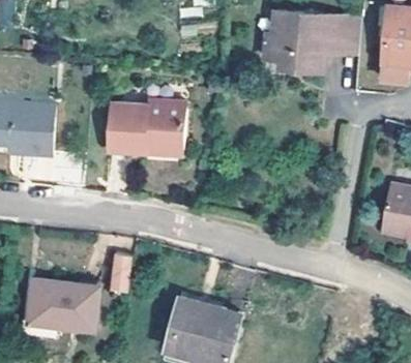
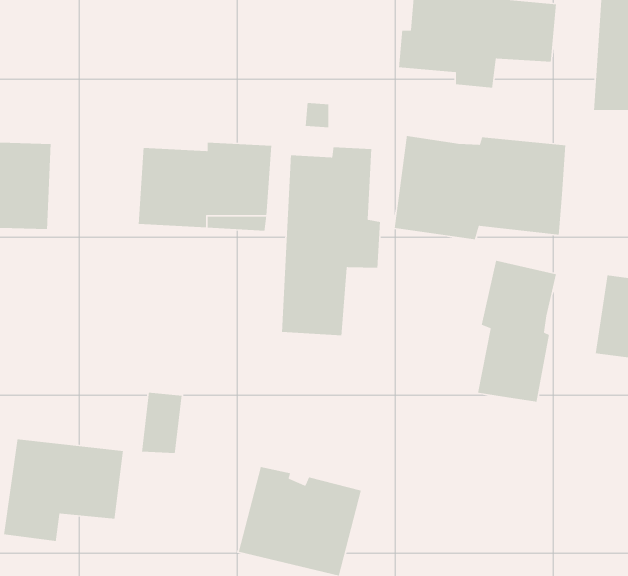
building: none -> [394,135,566,240]
building: none -> [281,146,381,336]
building: none -> [477,260,557,403]

